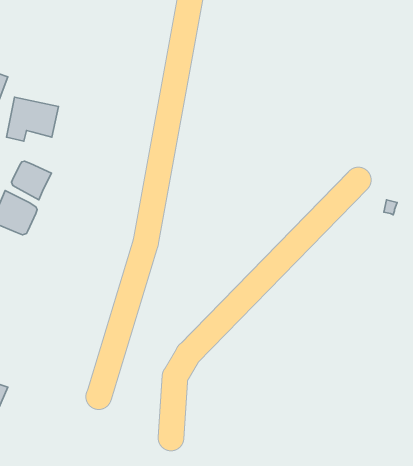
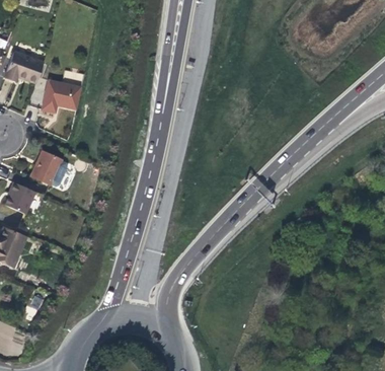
building: [12,161,52,200] -> none

